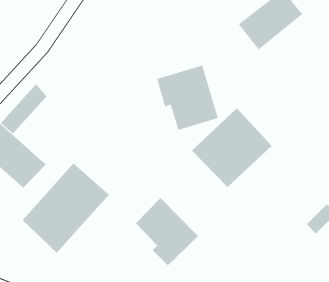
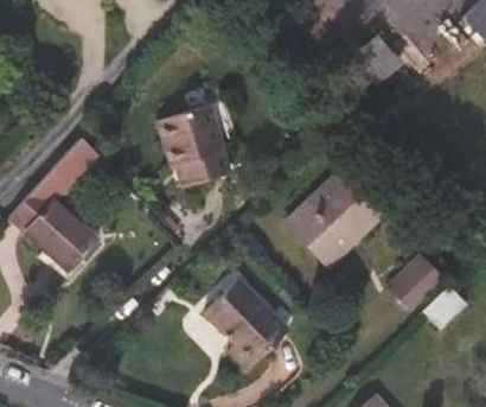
building: [156,64,219,131] -> [154,103,234,187]
building: [22,162,110,253] -> none
building: none -> [391,262,446,317]

